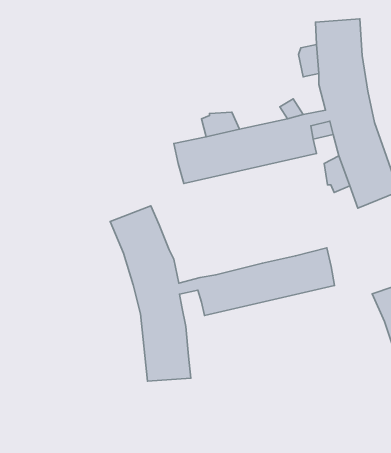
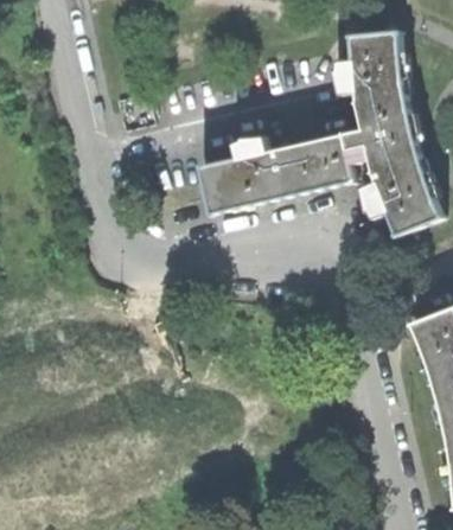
building: [110,206,335,381] -> none

